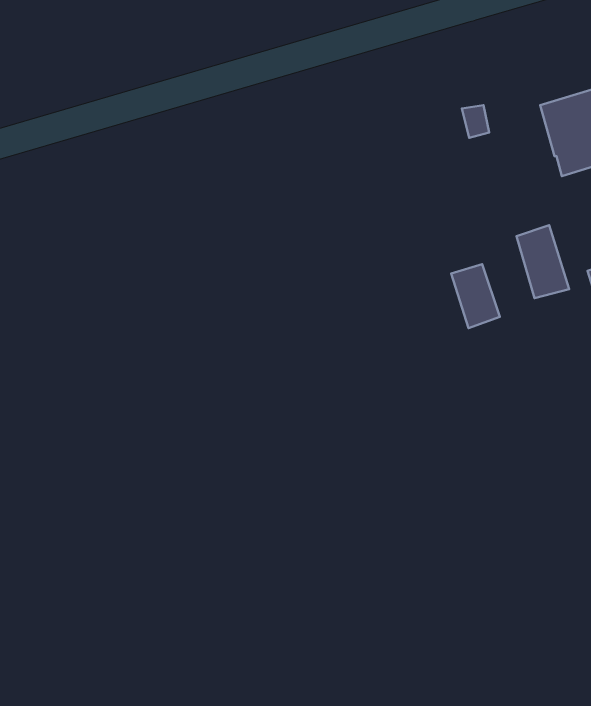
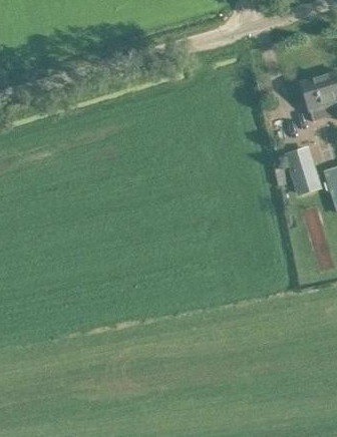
building: [451,264,500,328] -> none

